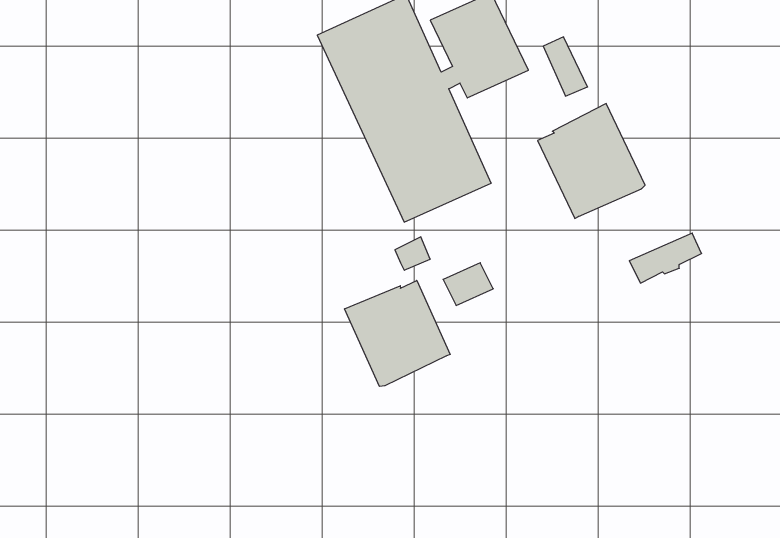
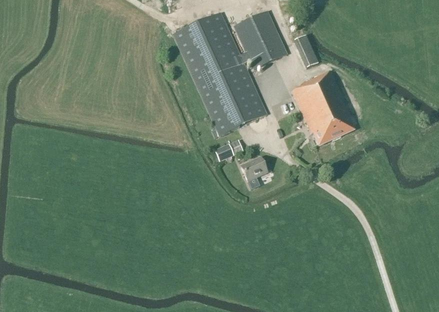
building: [629,233,702,283] -> [313,117,352,144]
building: [345,280,450,386] -> none

